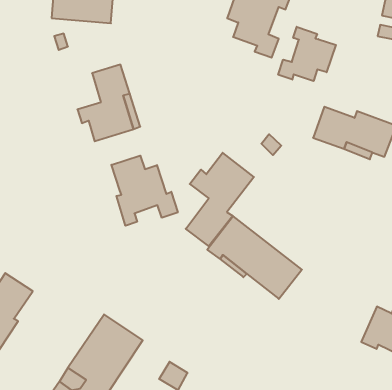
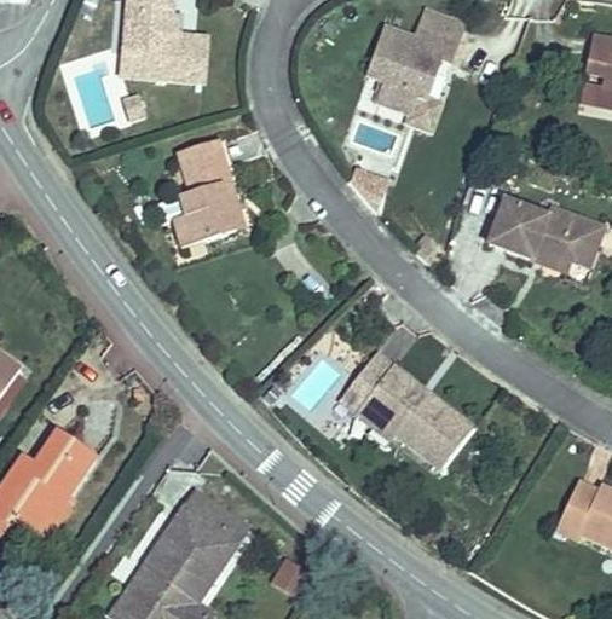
building: [278,27,336,81] -> none
building: [186,153,254,246] -> none
building: [111,156,178,226] -> none

